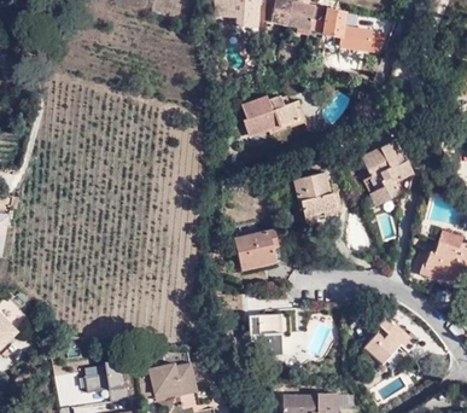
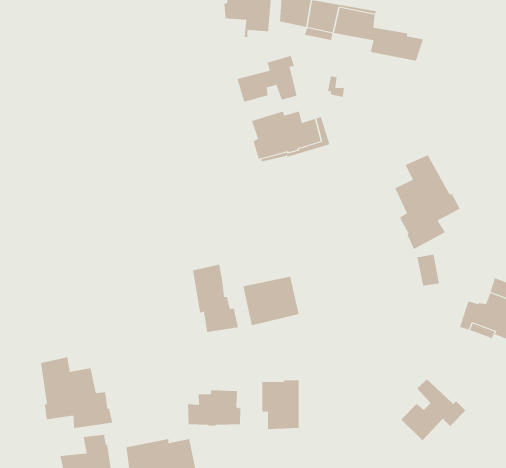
building: none -> [237,55,297,103]
building: [293,173,343,225] -> none
building: none -> [192,264,239,333]
building: none -> [41,356,113,429]
building: none -> [188,389,241,427]

